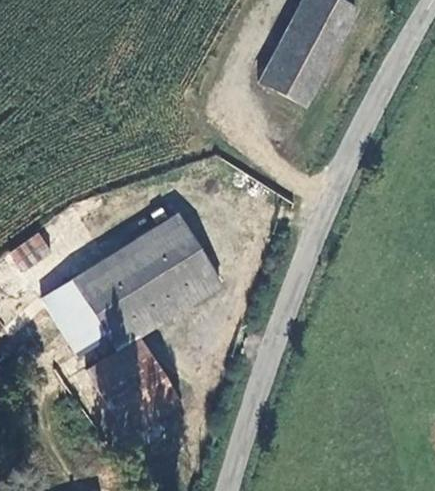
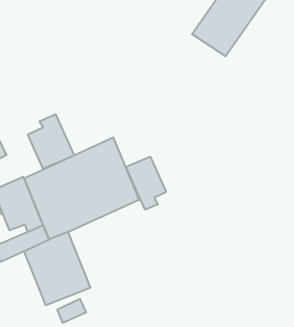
building: none -> [28,114,74,169]
building: none -> [126,157,166,210]

